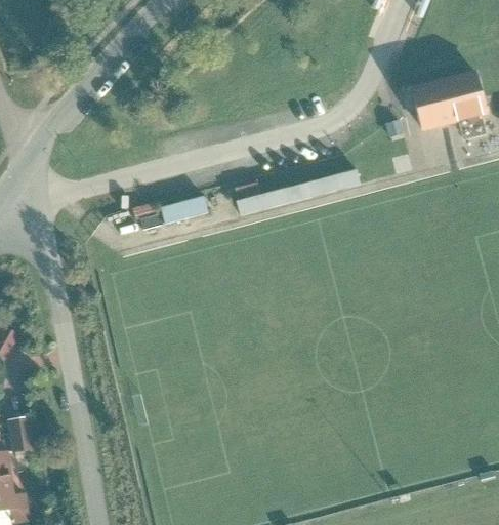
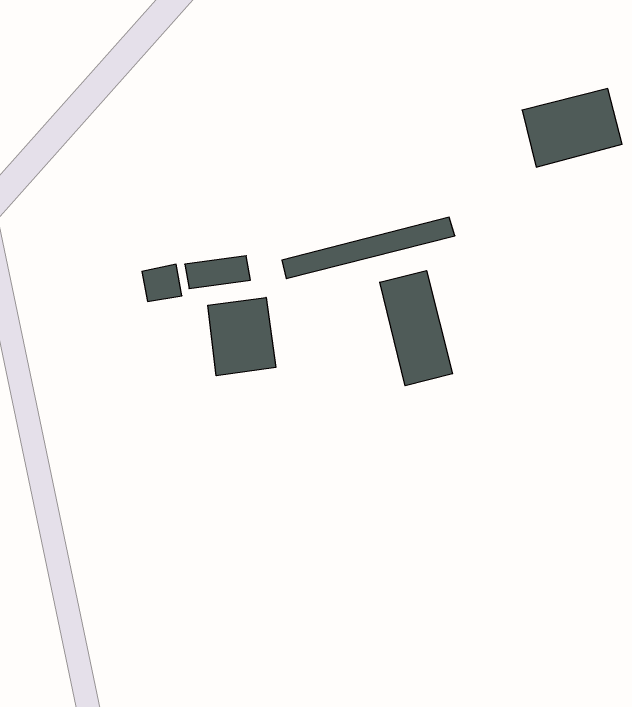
building: none -> [380,271,453,386]
building: none -> [208,297,276,376]

